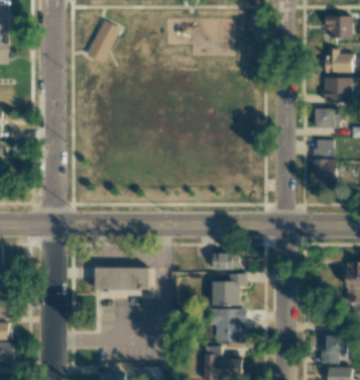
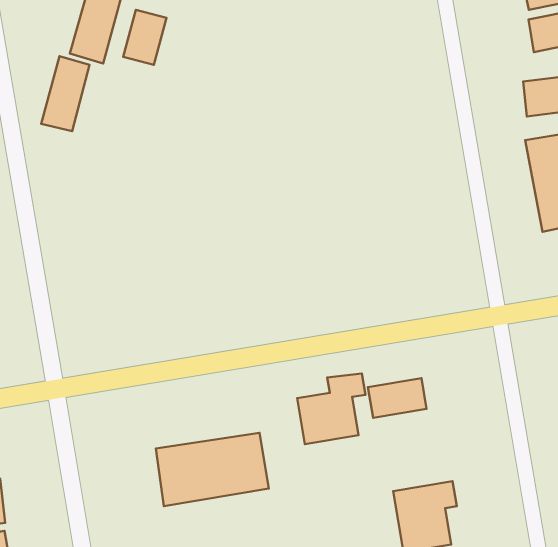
building: none -> [123,10,167,65]
building: none -> [41,56,89,131]
building: [212,273,247,305] -> [297,374,365,444]

